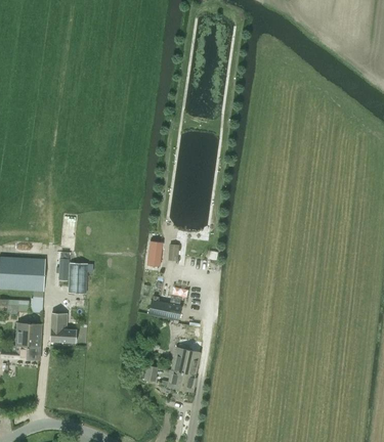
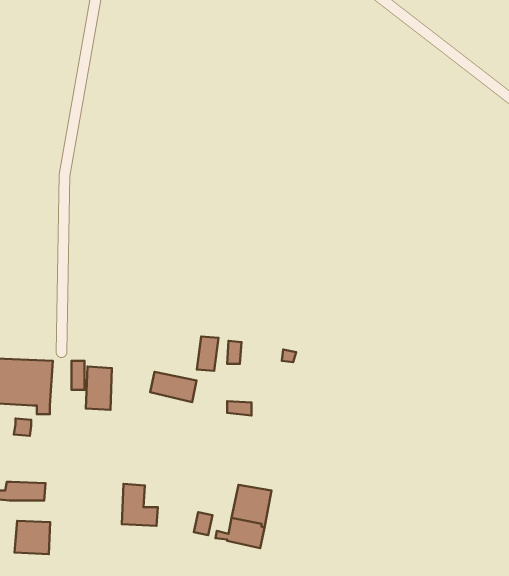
building: [148,299,181,320] -> [150,372,196,402]
building: [50,312,76,342] -> [122,484,158,526]
building: [15,321,41,345] -> [14,521,50,554]

